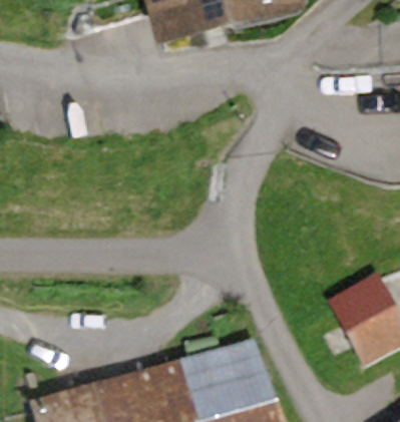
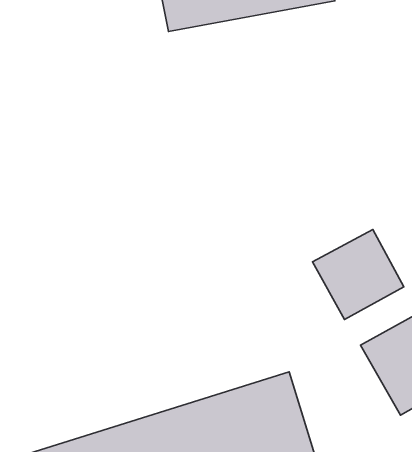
building: none -> [313,230,404,319]

